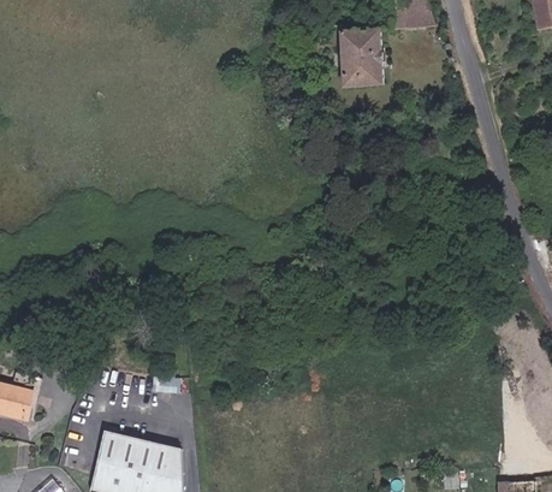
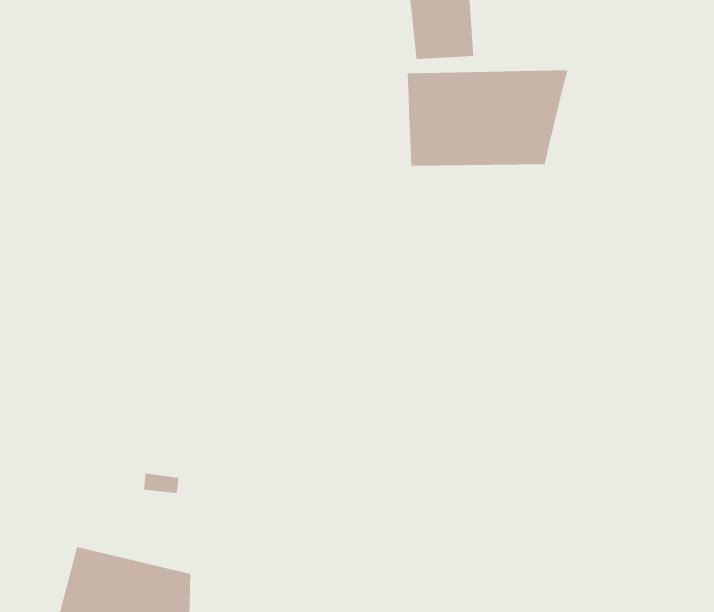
building: none -> [407,70,568,166]

